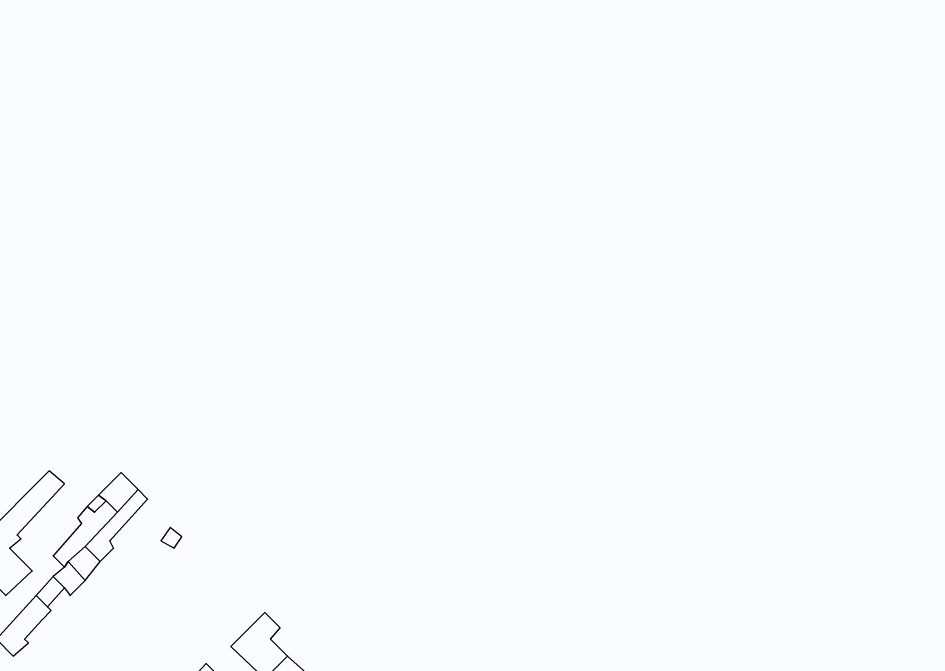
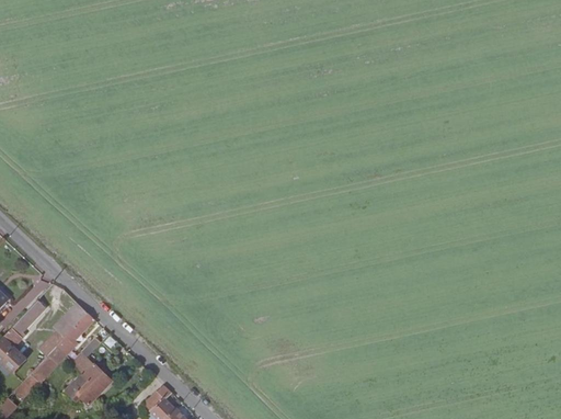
building: none -> [66,352,113,406]

